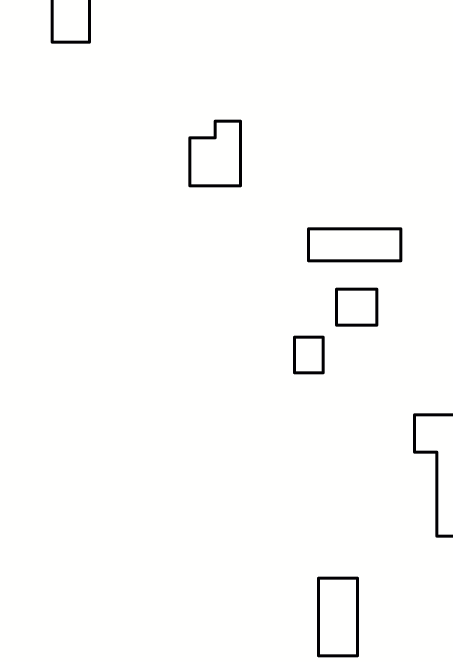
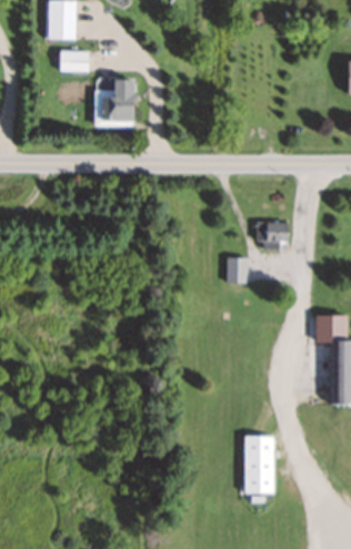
building: none -> [61,50,90,71]
building: [190,121,241,186] -> [96,78,133,125]
building: [309,229,401,261] -> none

